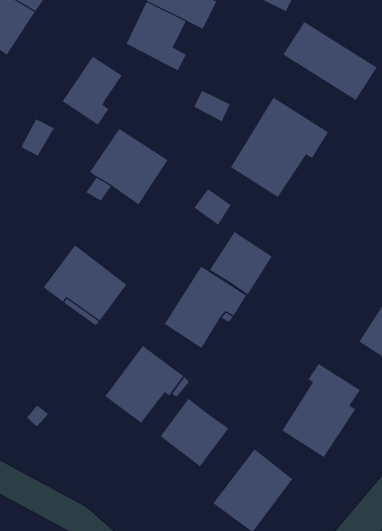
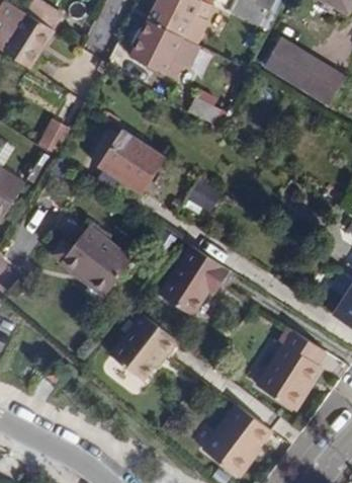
building: [62,56,123,125] -> none
building: [230,97,329,198] -> none
building: [209,231,272,295] -> none
building: [160,398,229,467] -> none

